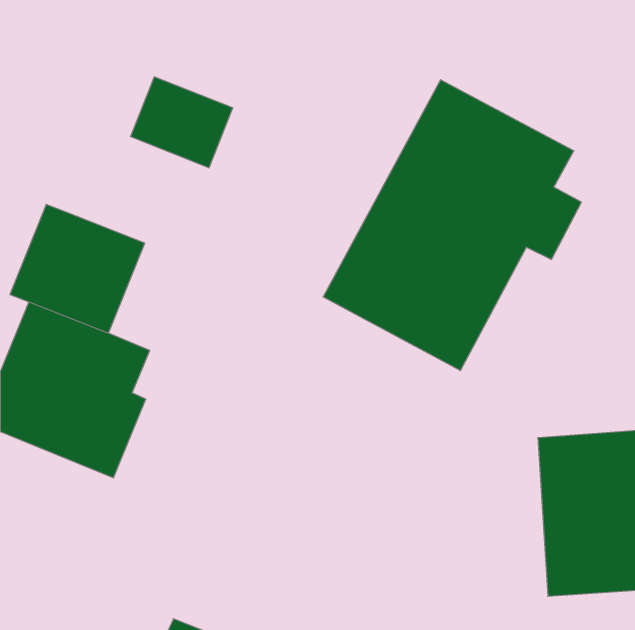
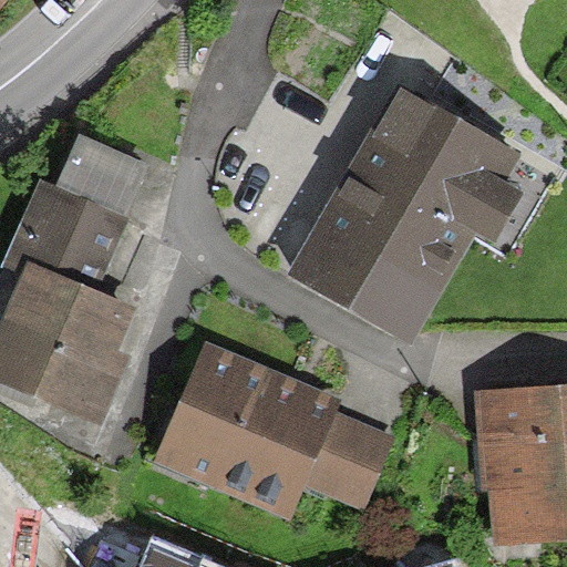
building: [131,77,233,168] -> [61,142,152,223]
building: none -> [153,348,384,511]

